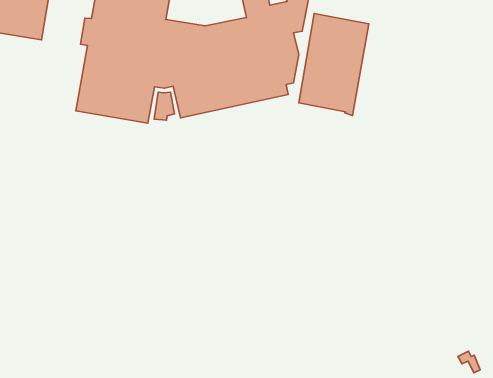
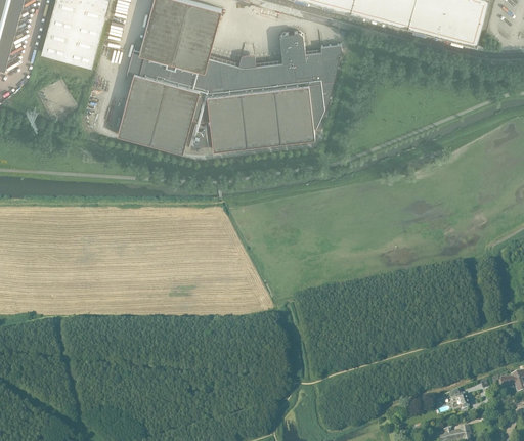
building: [299,14,369,115] -> none

